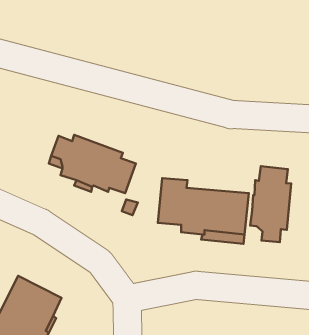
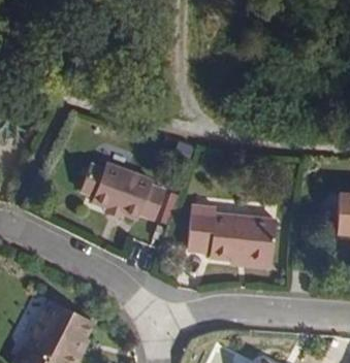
building: [250,166,291,242] -> none

